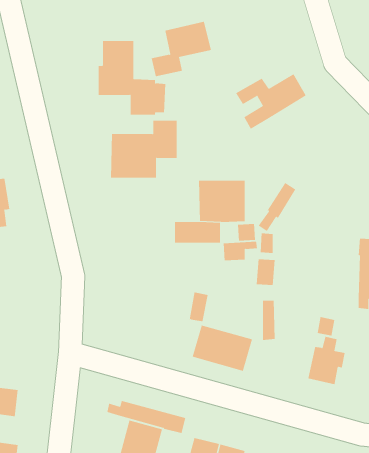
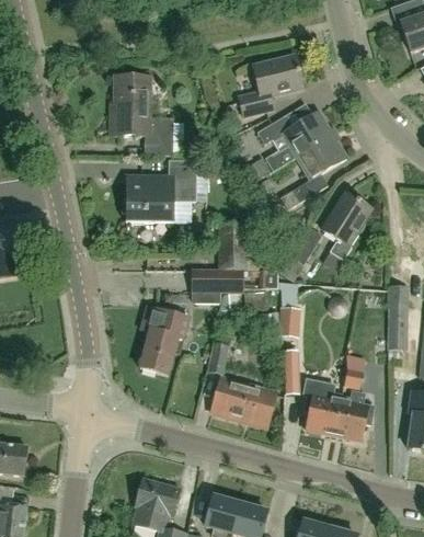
building: [151,21,212,77] -> [238,56,302,115]
building: none -> [279,134,346,209]
building: none -> [322,192,371,260]
building: none -> [139,306,188,374]
building: none -> [302,378,342,434]
building: [107,400,186,434] -> none

